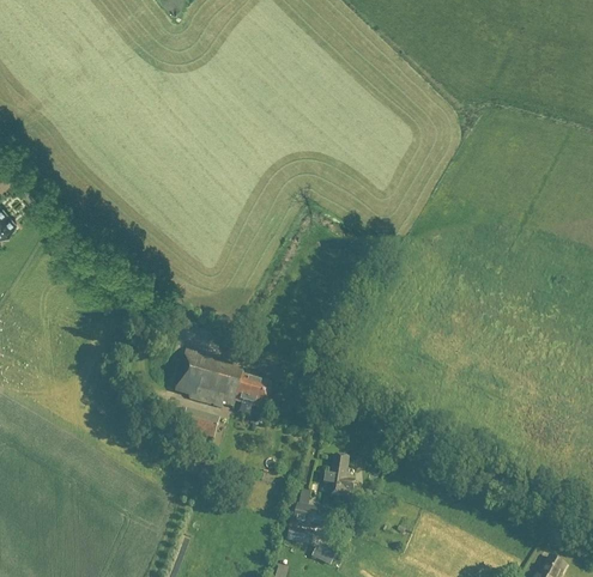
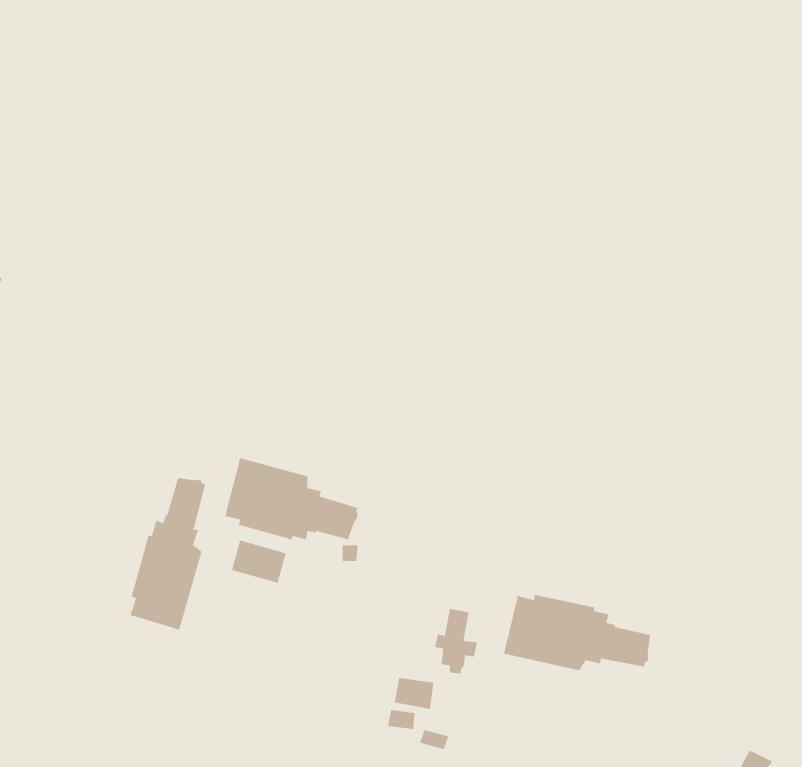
building: none -> [130,477,206,631]
building: none -> [504,594,651,671]

